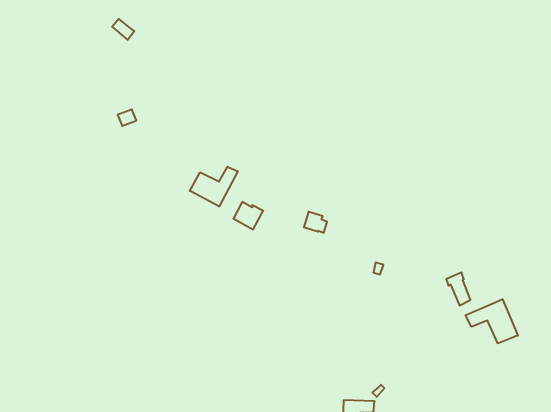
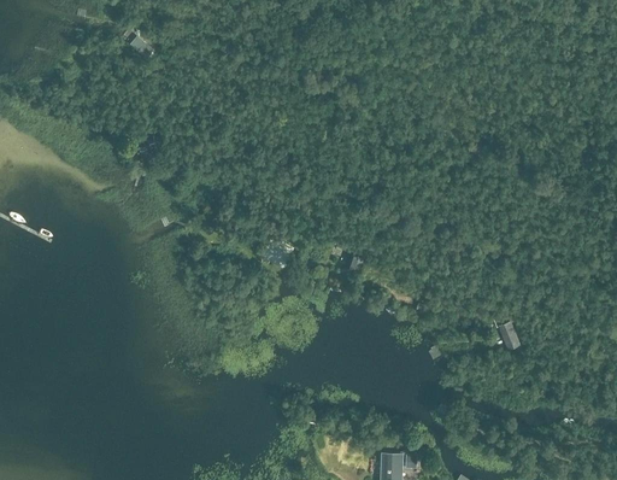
building: [190,167,238,207] -> none
building: [466,299,518,343] -> none

